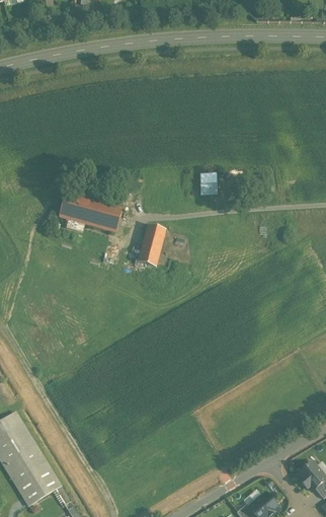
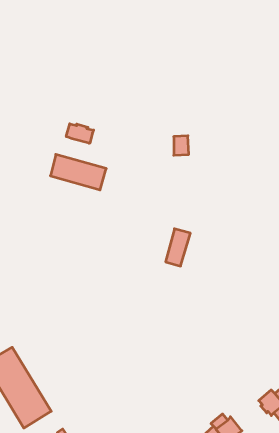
building: none -> [66,124,94,143]
building: [138,224,166,267] -> [166,229,190,266]

